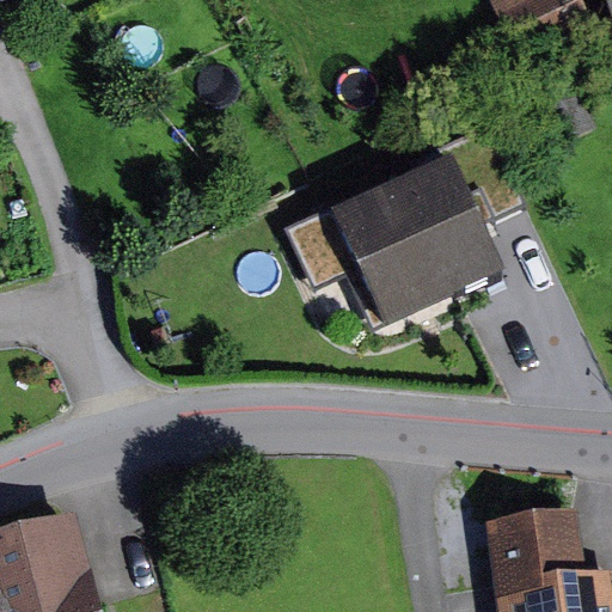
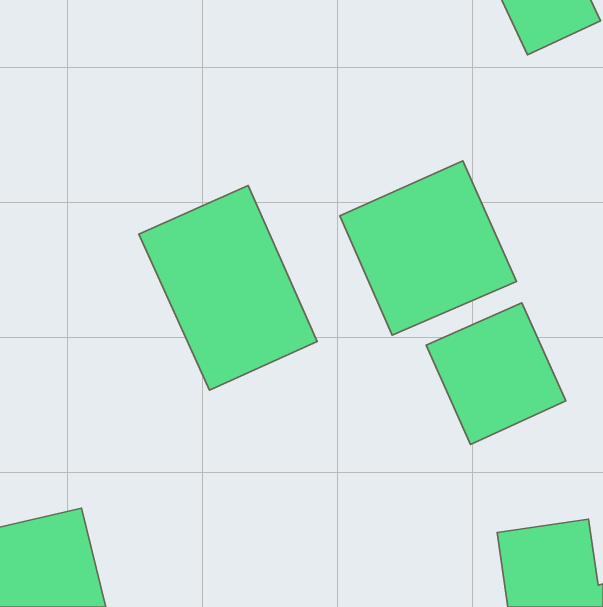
building: none -> [139,186,317,390]
building: none -> [426,303,566,444]

